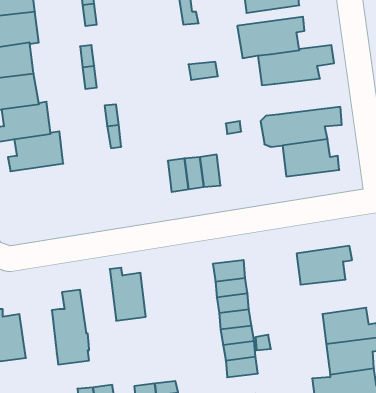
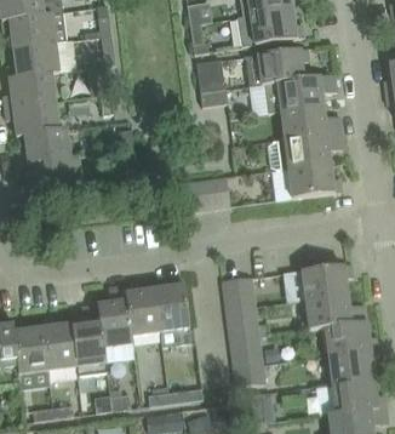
building: none -> [196,59,225,92]
building: none -> [281,105,343,139]
building: none -> [155,278,191,347]
building: none -> [98,285,134,360]
building: none -> [305,295,367,329]
building: none -> [41,319,76,369]

